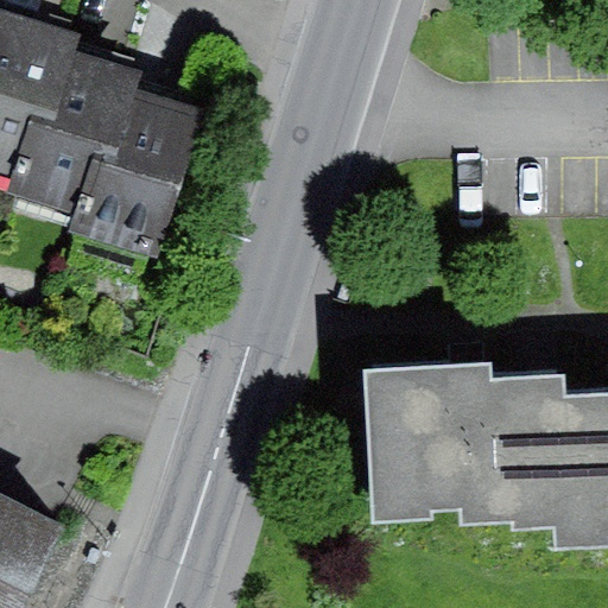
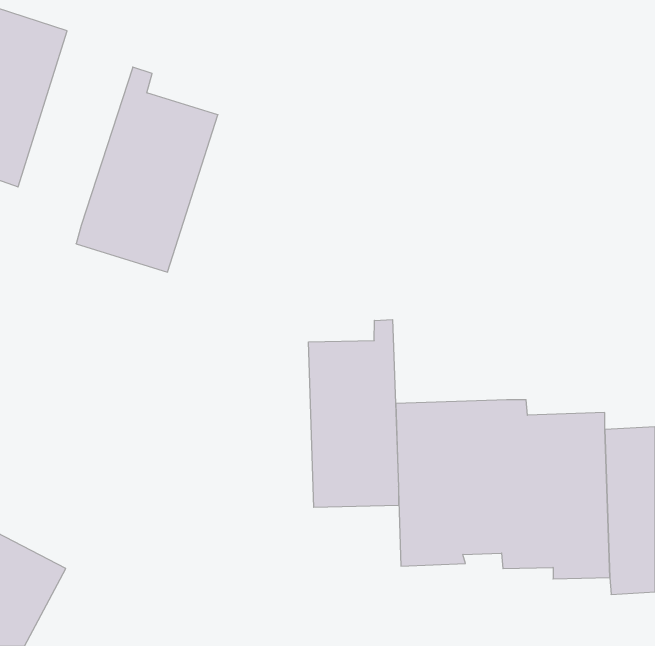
building: [12,28,126,208] -> none
building: none -> [309,320,399,507]

